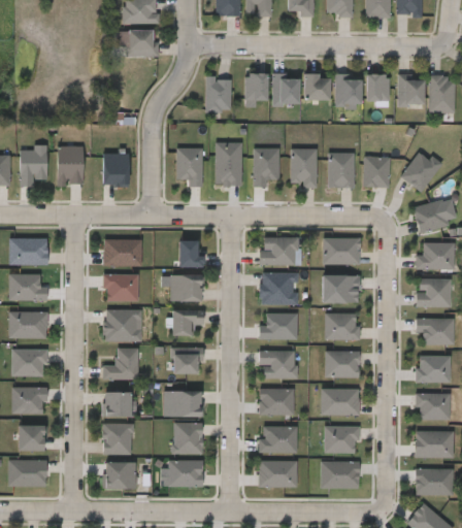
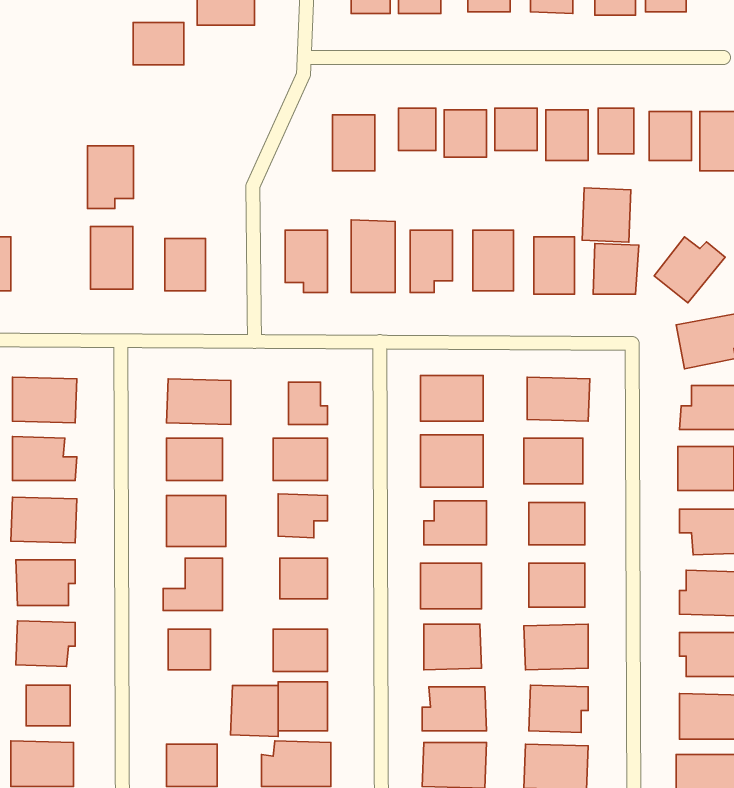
building: [127,30,158,56] -> [133,23,184,65]
building: none -> [582,188,631,242]
building: [20,147,47,186] -> [88,146,133,209]
building: [102,423,131,454] -> [231,686,278,736]

